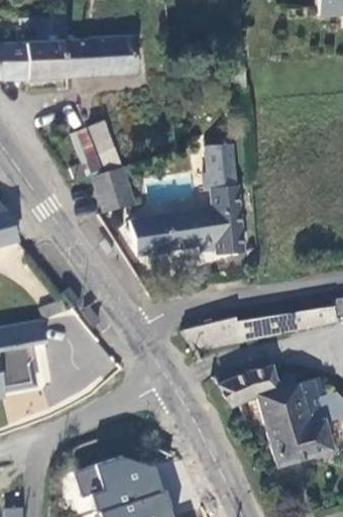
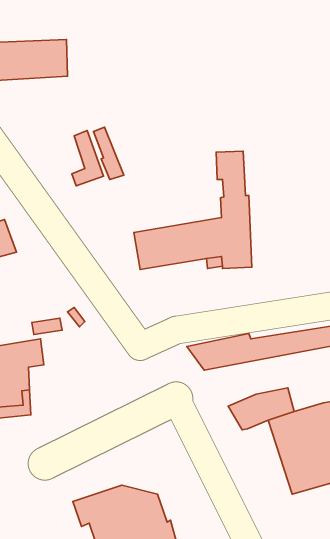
building: [69,36,137,76] -> none
building: [95,167,137,210] -> none

